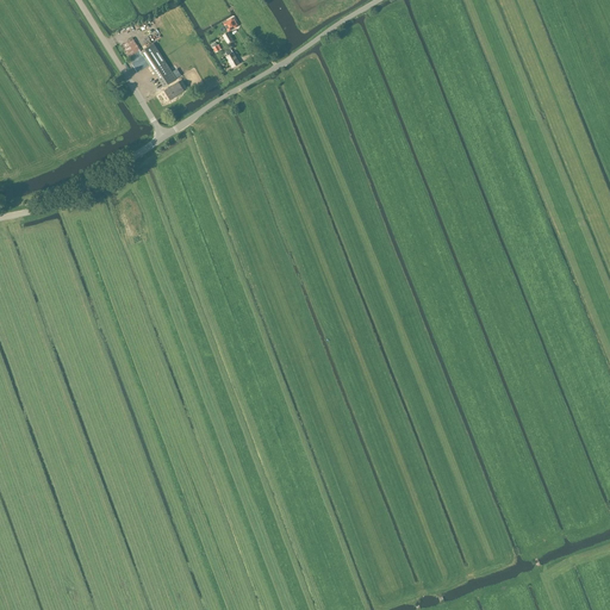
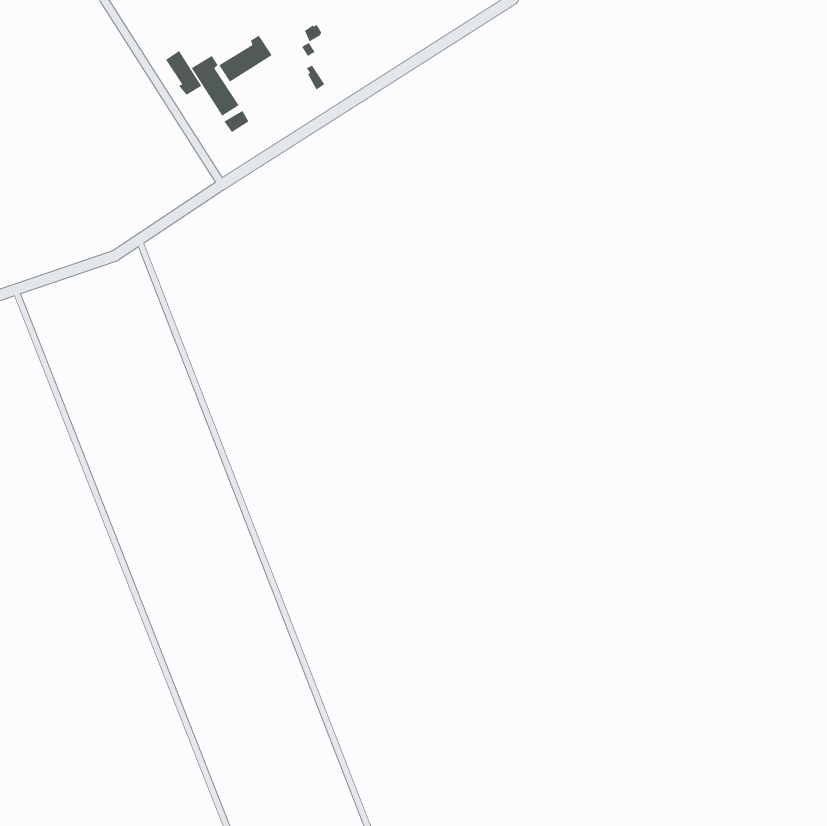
building: none -> [218,35,272,83]

